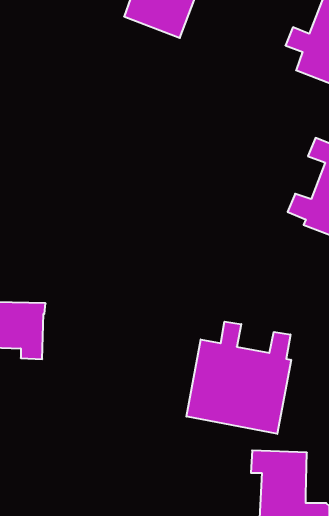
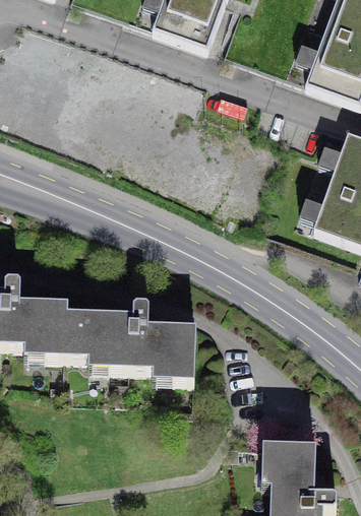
building: none -> [66,301,197,378]
building: [186,322,291,434] -> none

